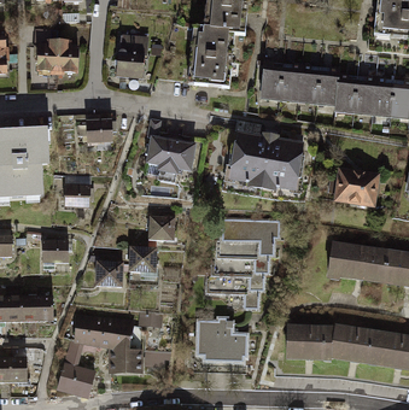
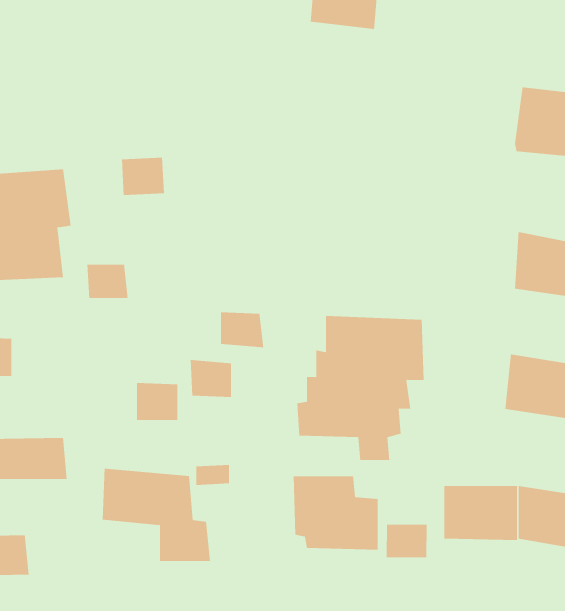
building: [191,31,236,90] -> none
building: [112,35,144,78] -> none
building: [37,40,76,75] -> none
building: [257,59,339,109] -> none
building: [230,128,304,188] -> none
building: [144,133,195,171] -> none
building: [41,239,69,262] -> none
building: [51,346,93,397] -> none
building: none -> [386,524,427,558]

